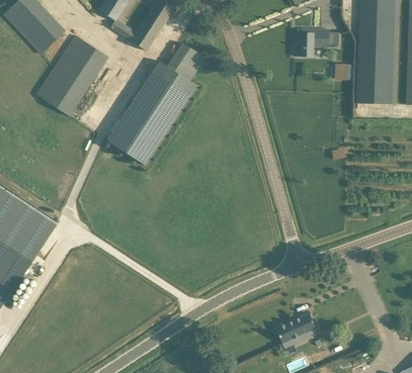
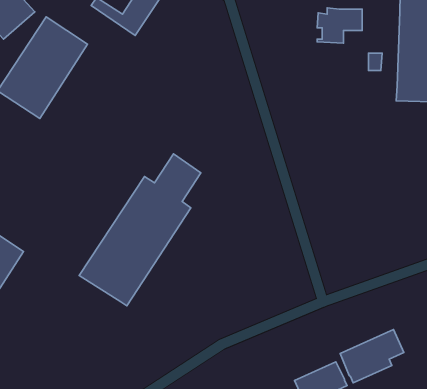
building: [107,42,205,165] -> [79,154,201,306]
building: none -> [340,329,404,383]

